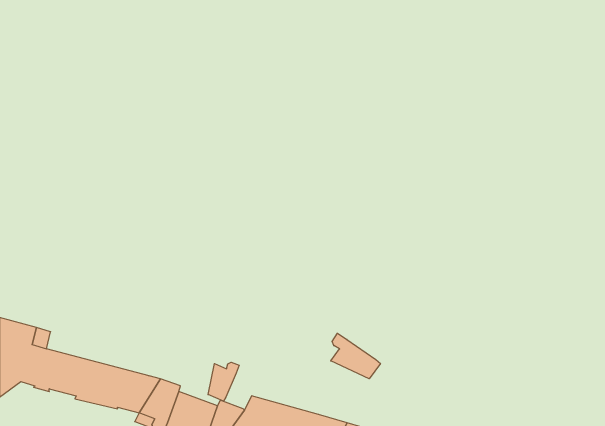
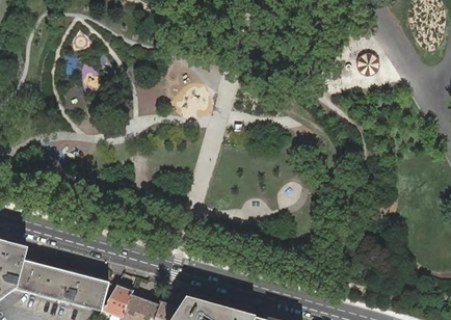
building: [331,333,380,379] -> none
building: [208,362,239,401] -> none

